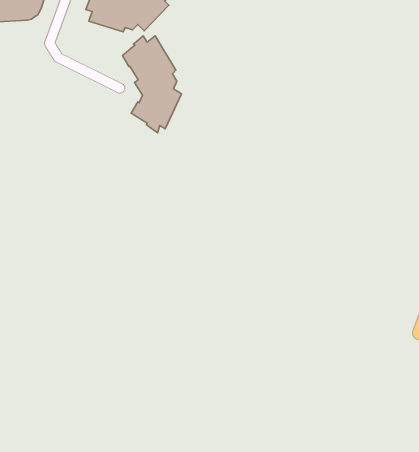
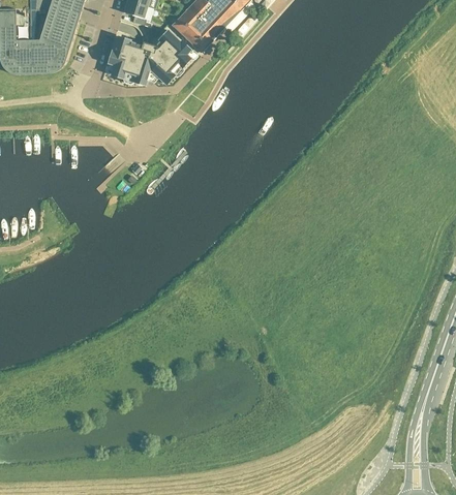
building: [123,36,182,133] -> none

